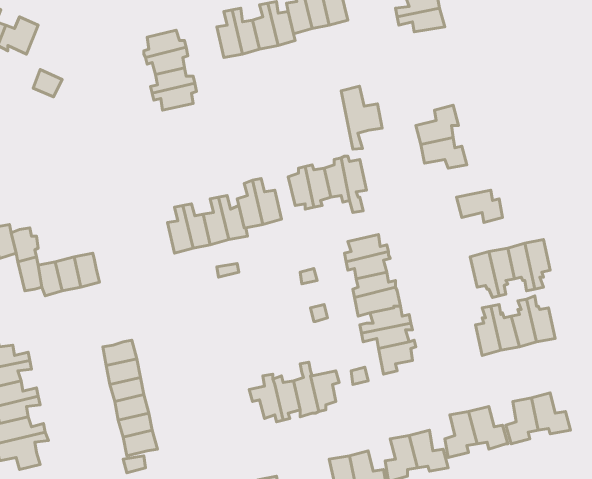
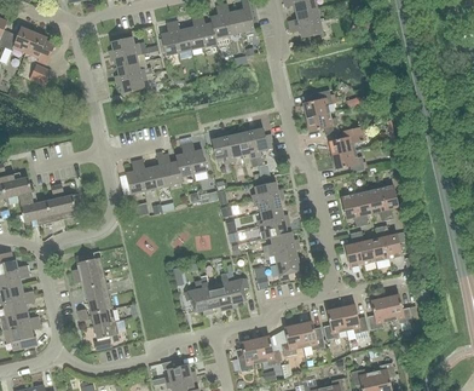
building: none -> [25,33,54,64]
building: [341,86,382,149] -> none
building: none -> [329,126,365,155]

